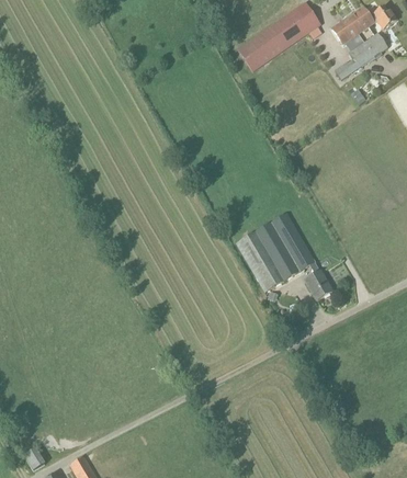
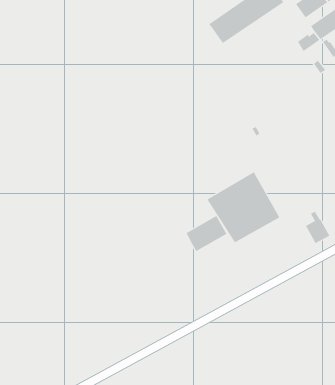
building: none -> [186,215,227,252]
building: [305,263,332,299] -> [305,211,330,244]

